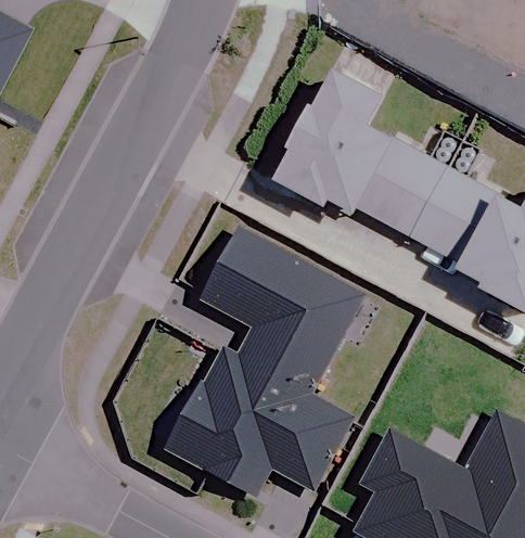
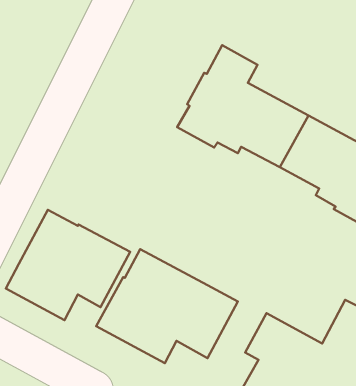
building: [201,226,367,392] -> none
building: none -> [6,210,130,320]

